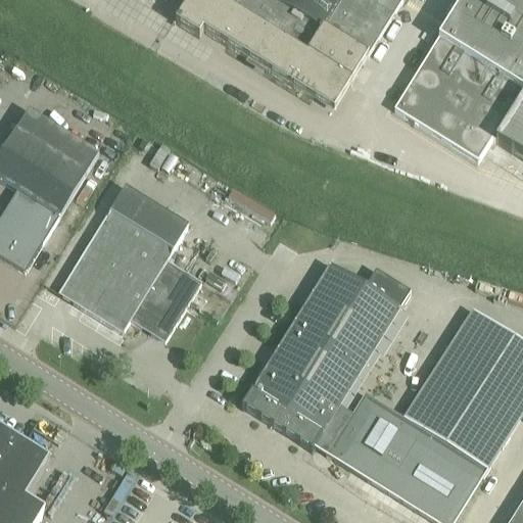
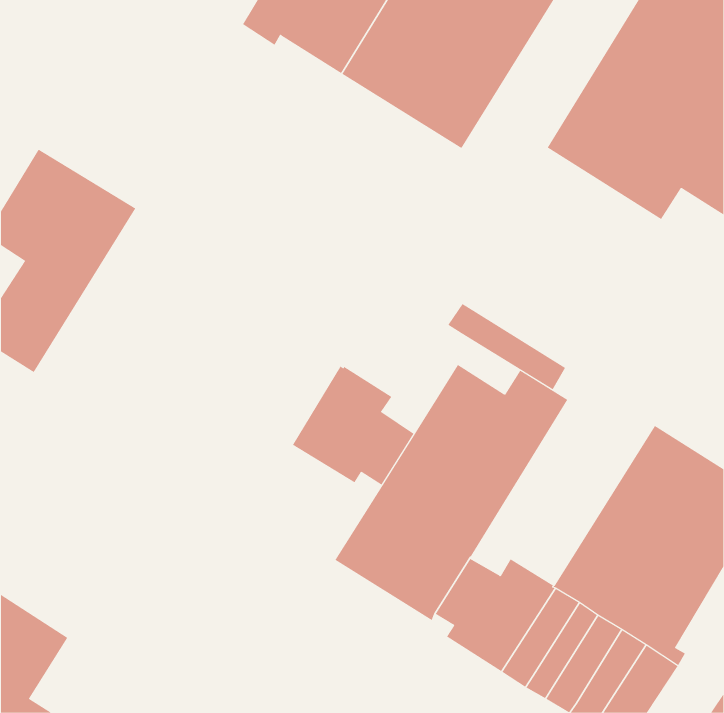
building: [59,184,200,338] -> none
building: none -> [447,303,566,390]
building: none -> [292,365,415,485]

